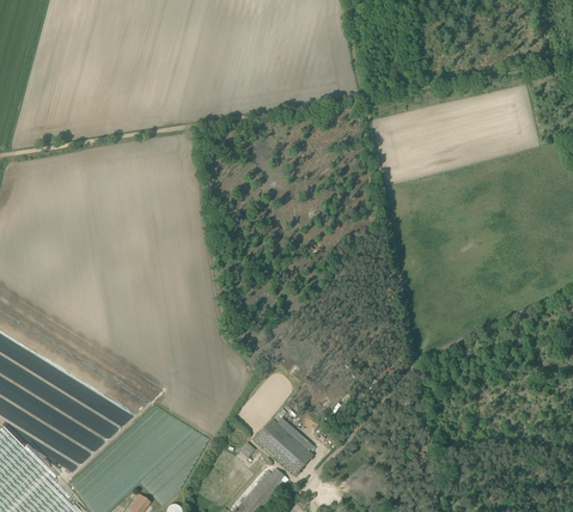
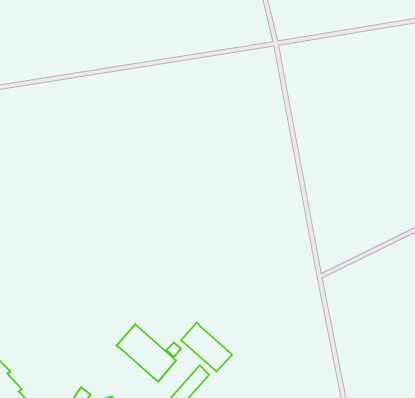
building: none -> [116,324,176,382]

